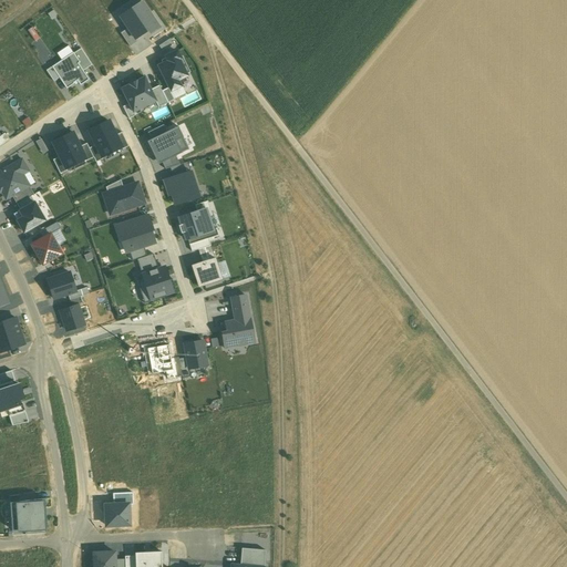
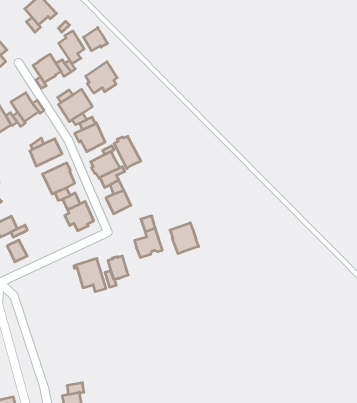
building: none -> [83,27,108,51]
building: none -> [86,62,117,93]
building: none -> [114,136,141,169]
building: none -> [170,223,199,254]

